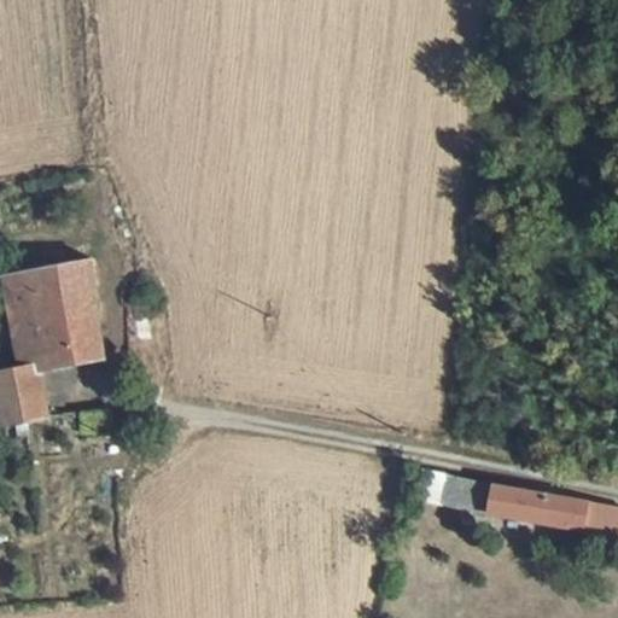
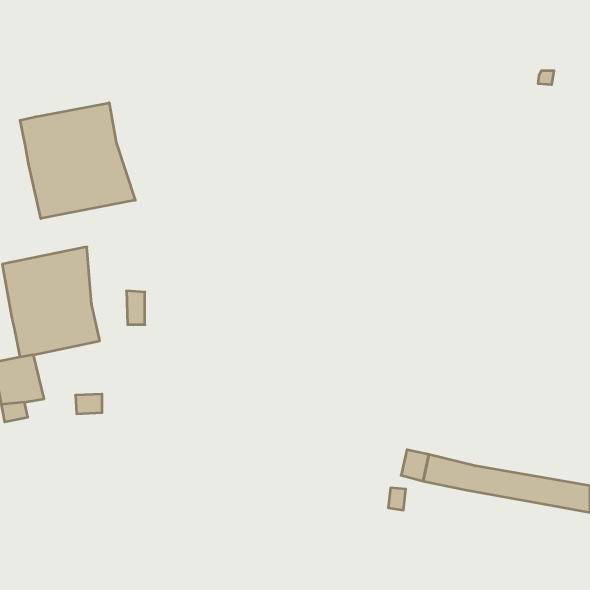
building: none -> [20,103,135,219]

